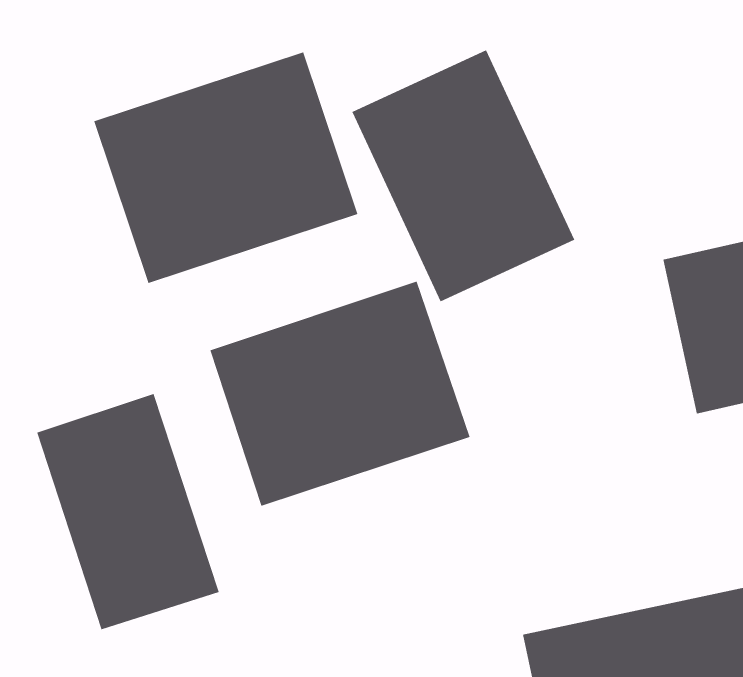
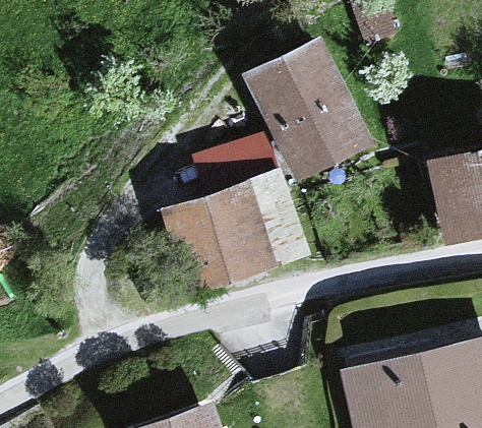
building: [93,51,358,284] -> none
building: [36,393,220,630] -> none

